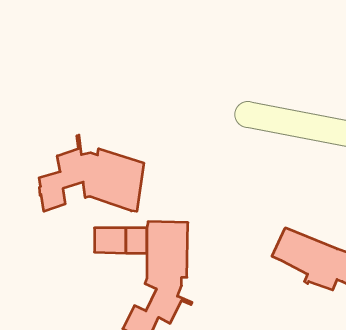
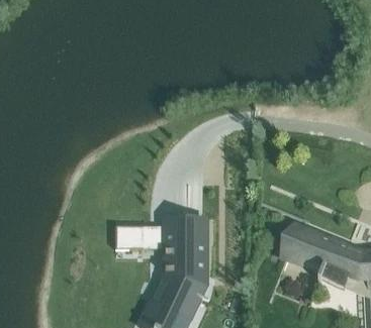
building: [39,135,144,211] -> none

